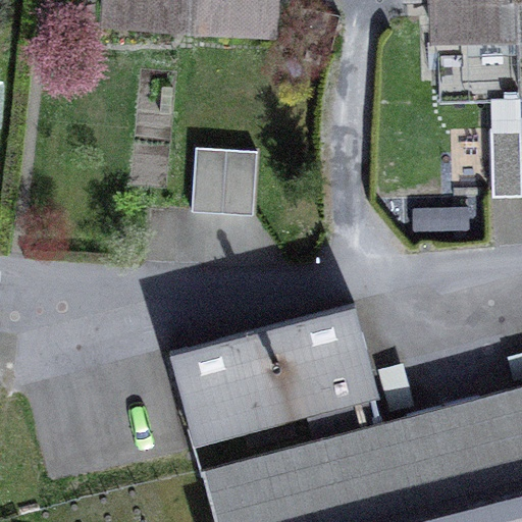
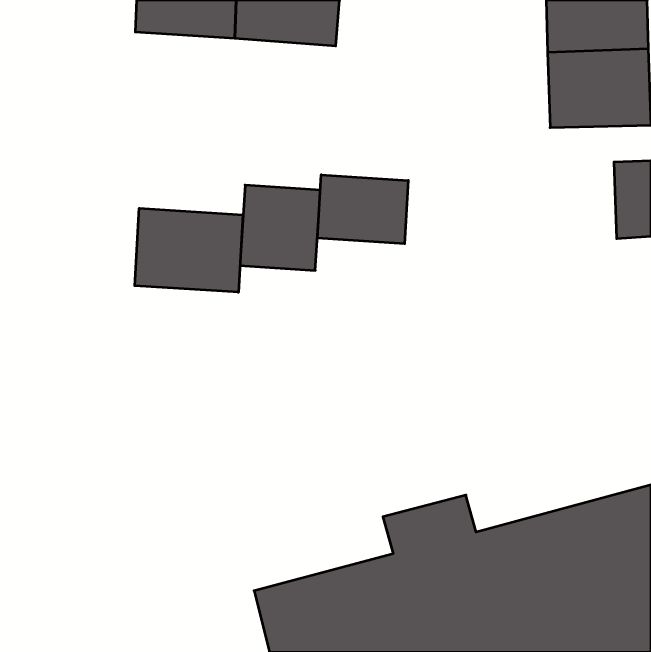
building: none -> [318,175,408,244]
building: none -> [135,208,243,292]
building: [172,306,376,441] -> none

